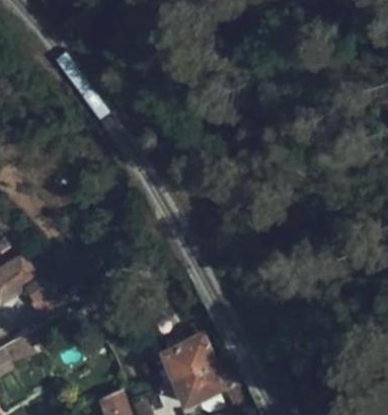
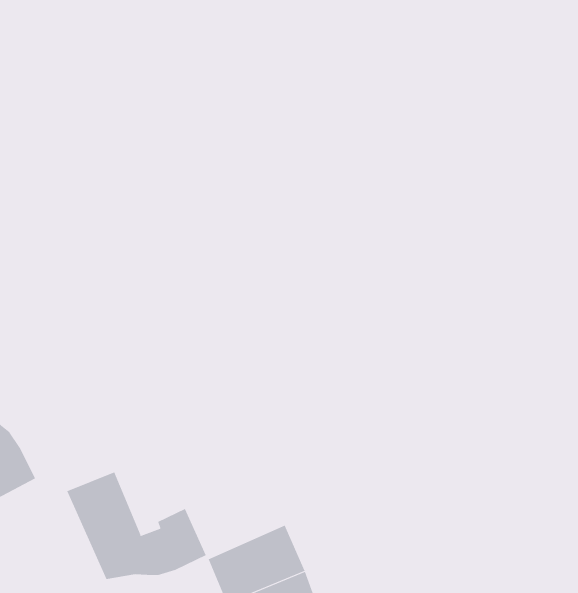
building: none -> [67,472,207,580]

